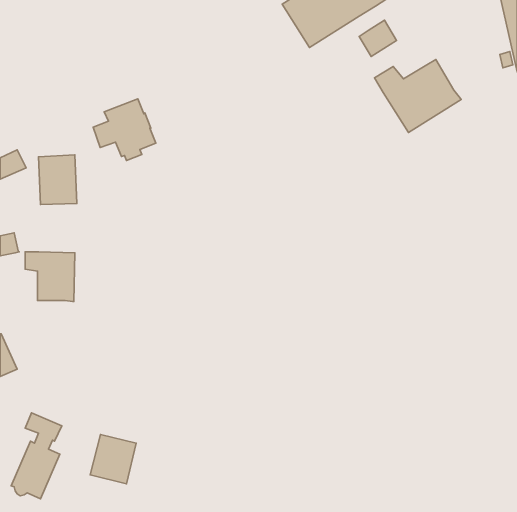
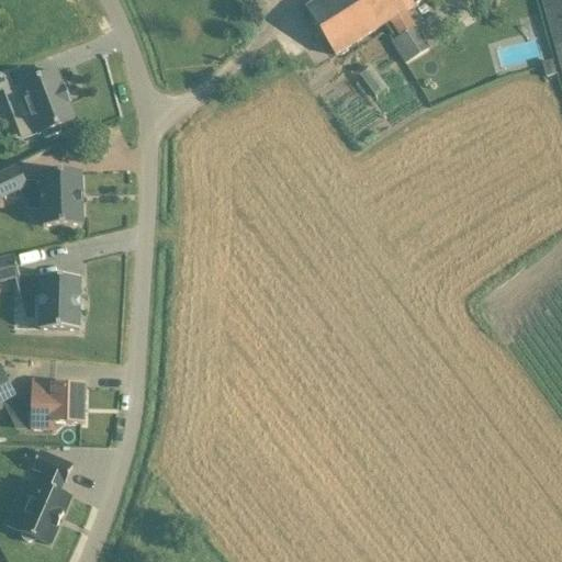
building: [374,60,461,132] -> none
building: [93,99,156,160] -> [9,68,77,135]
building: none -> [31,382,86,429]
building: [90,434,136,484] -> none

